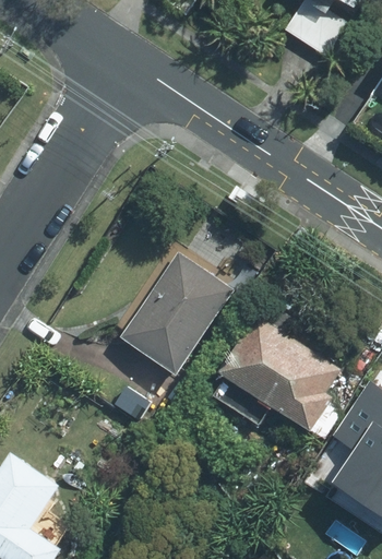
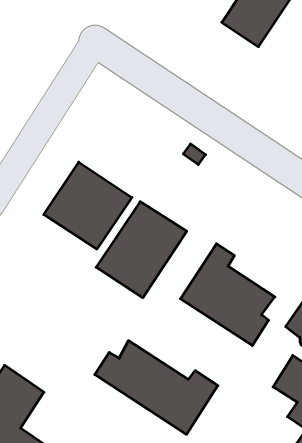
building: none -> [44,162,132,249]
building: none -> [95,341,218,434]

